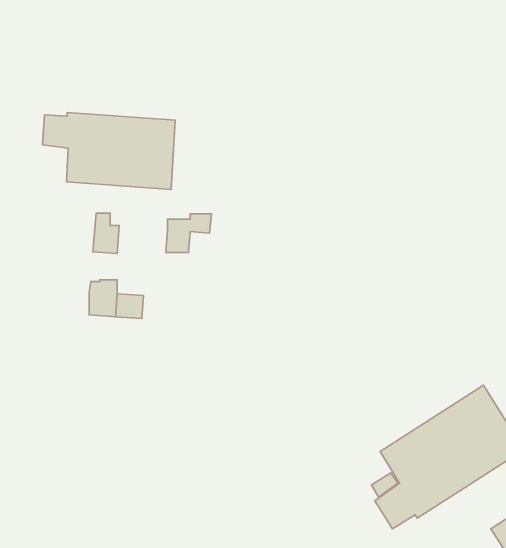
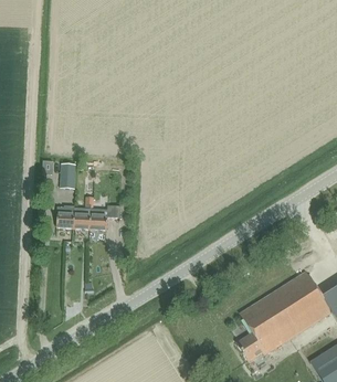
building: [43,113,175,190] -> none
building: [166,214,211,252] -> [91,203,119,227]

